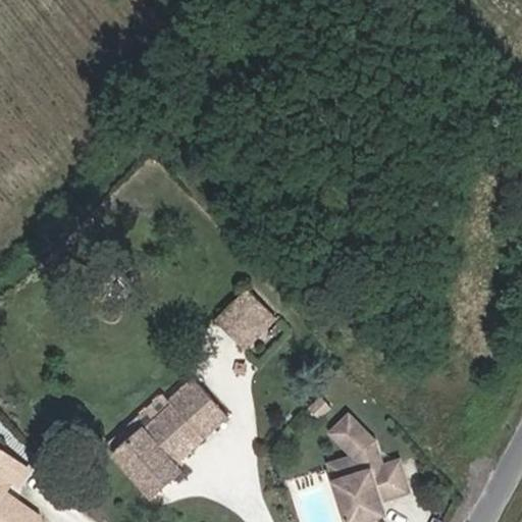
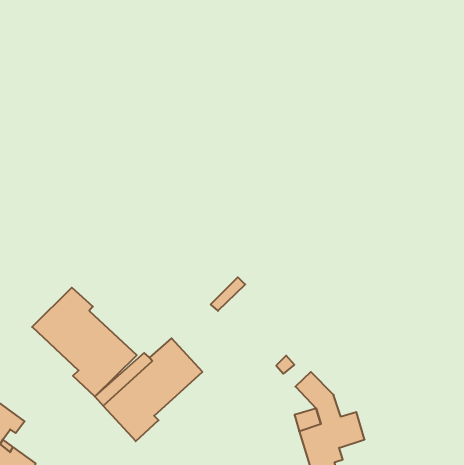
building: [216,292,266,342] -> none
building: none -> [32,288,137,397]

